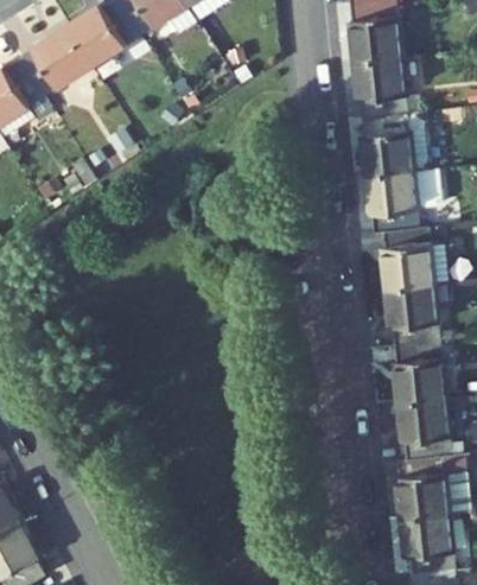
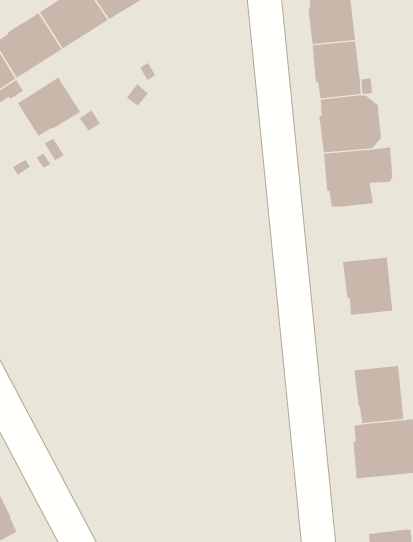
building: none -> [17,77,81,137]
building: [382,227,447,288] -> none
building: [393,341,445,402] -> none
building: [400,513,453,574] -> none

